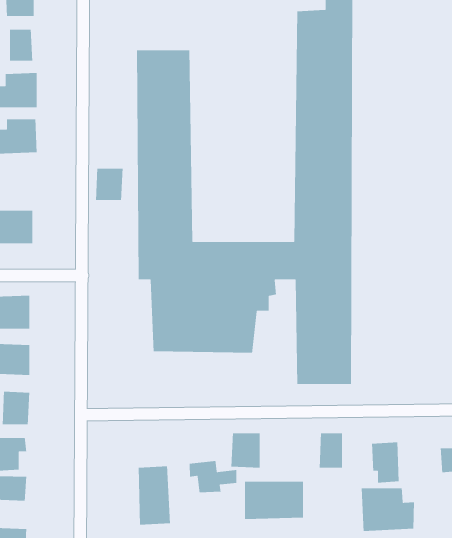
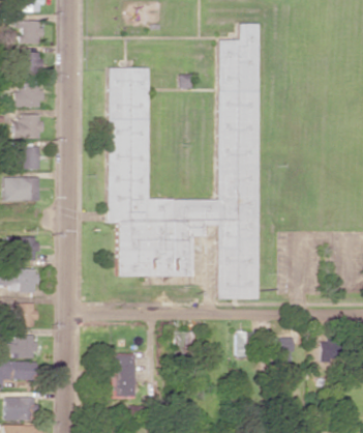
building: [95,168,123,201] -> [20,146,39,169]
building: [189,460,237,493] -> none
building: [244,481,304,520] -> none
building: [361,488,415,532] -> none

